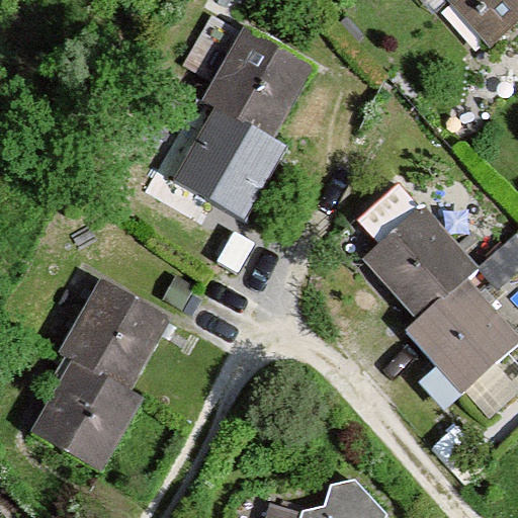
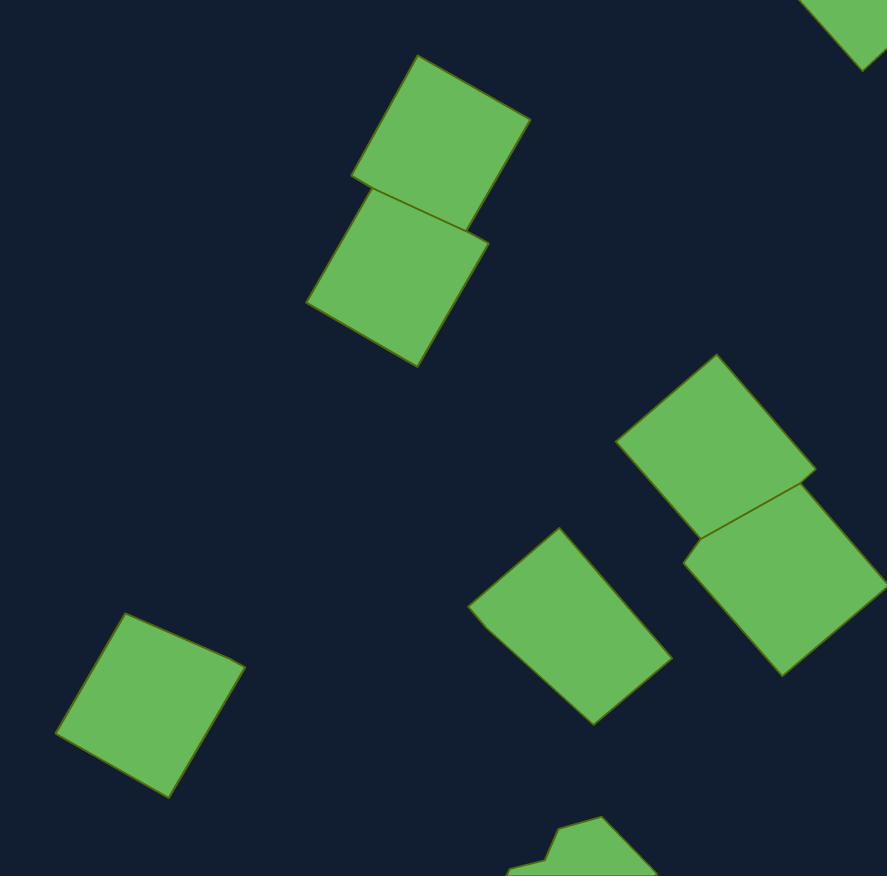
building: [63,288,167,383] -> none
building: none -> [468,528,672,725]

